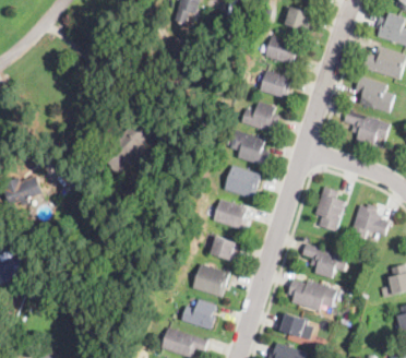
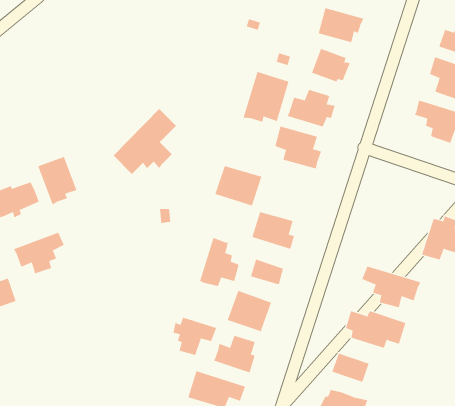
building: none -> [243,71,289,122]
building: none -> [38,156,77,205]
building: [224,166,262,199] -> [215,165,262,206]
building: [317,187,346,230] -> none
building: none -> [13,232,65,274]
building: none -> [200,237,239,287]
building: none -> [173,317,217,356]

